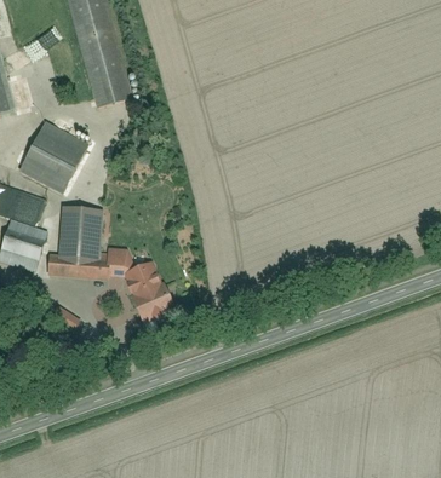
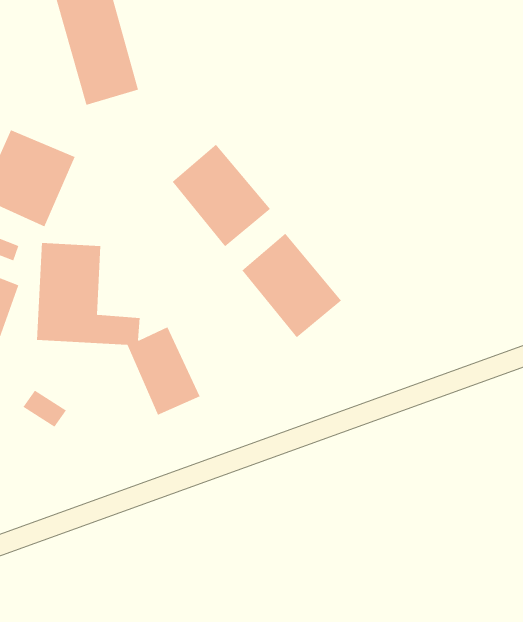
building: none -> [172,144,271,247]
building: none -> [241,233,342,338]

